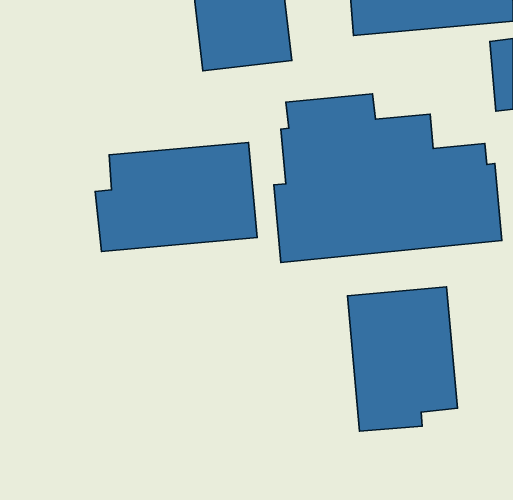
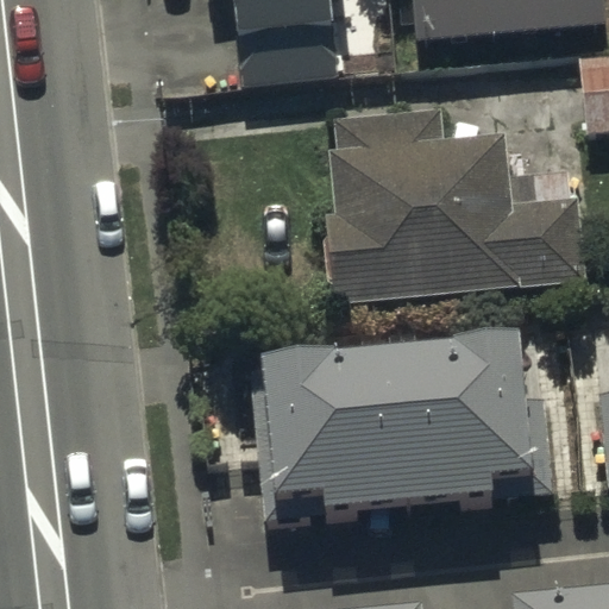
building: [95,142,257,252] -> none
building: none -> [250,349,423,520]

